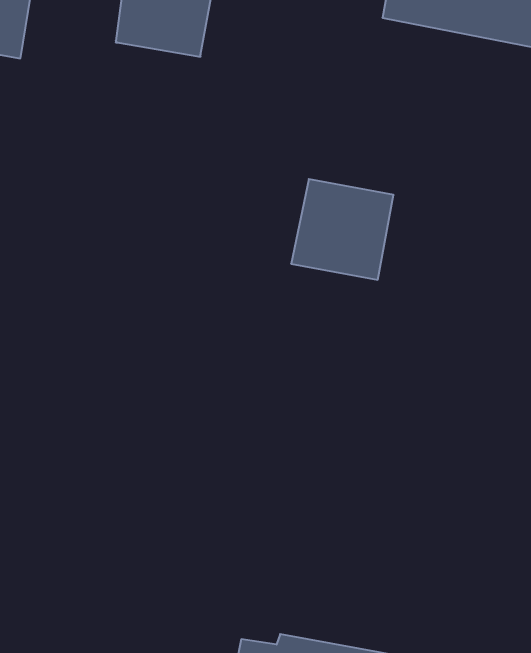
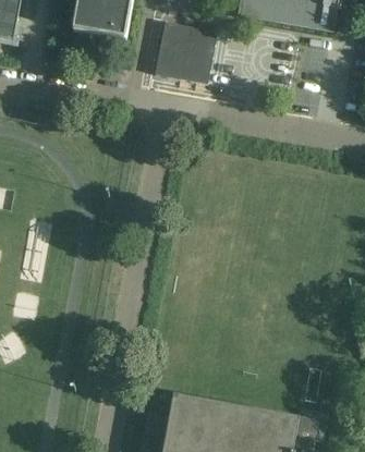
building: [291,179,394,280] -> [156,22,219,84]

